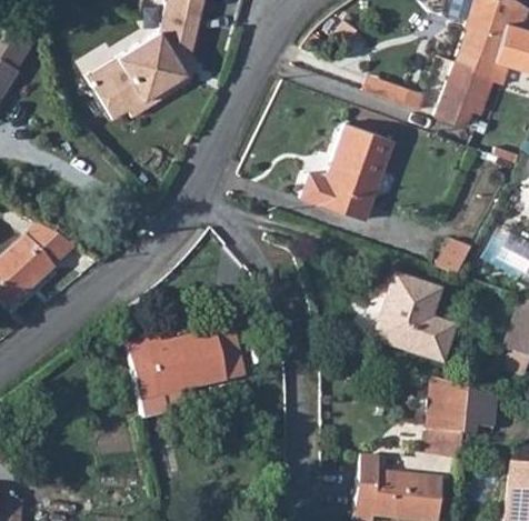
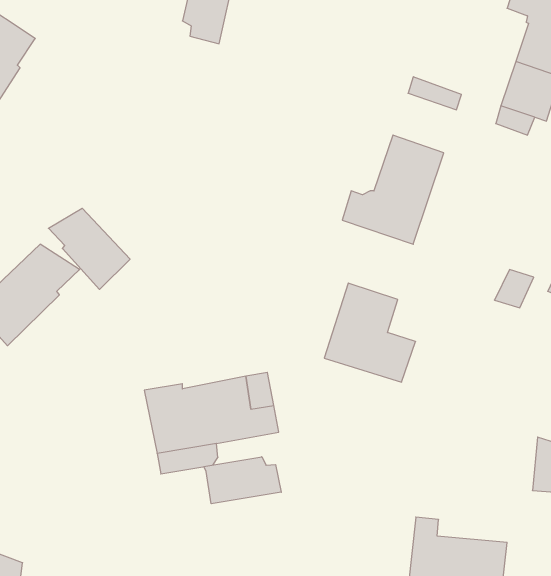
building: [89,24,193,118] -> none
building: none -> [48,208,130,289]
building: [378,273,458,360] -> [324,283,416,382]
building: [432,377,472,435] -> none
building: none -> [204,457,281,504]

